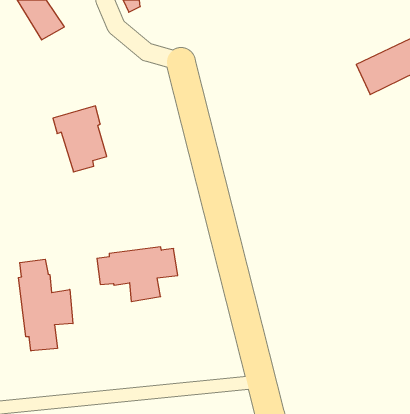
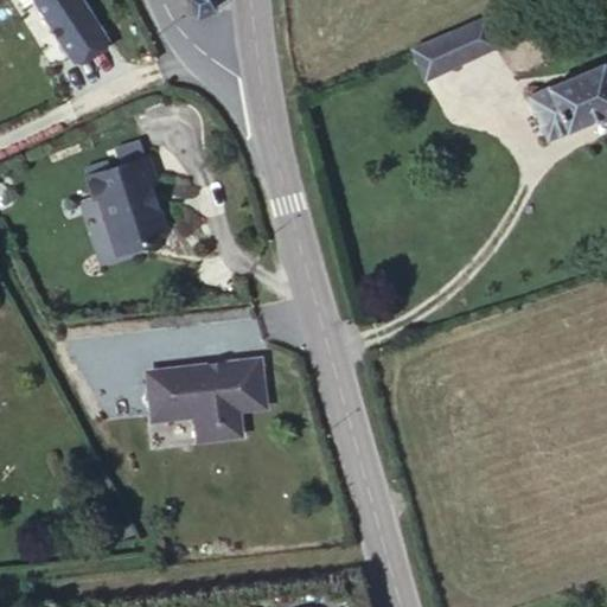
building: none -> [411,20,494,79]
building: [18,259,73,351] -> none

